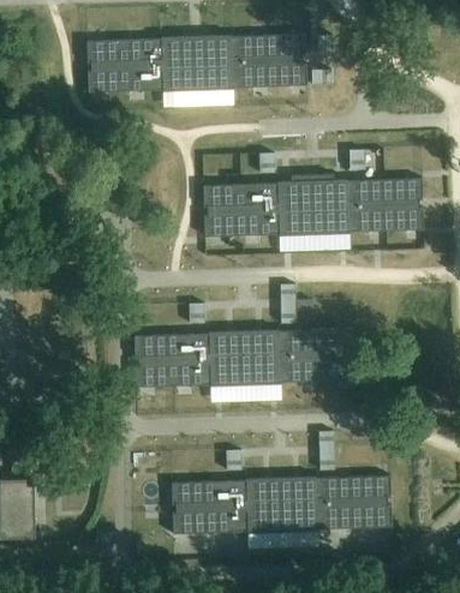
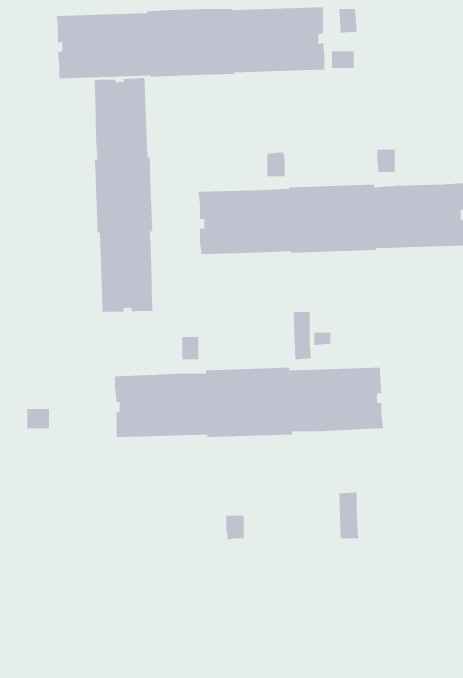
building: none -> [94,77,153,313]
building: [171,475,390,534] -> none

